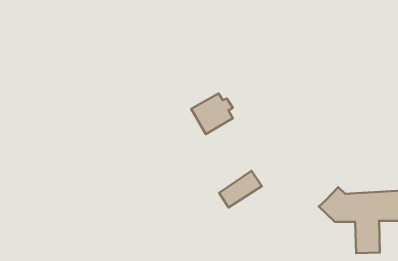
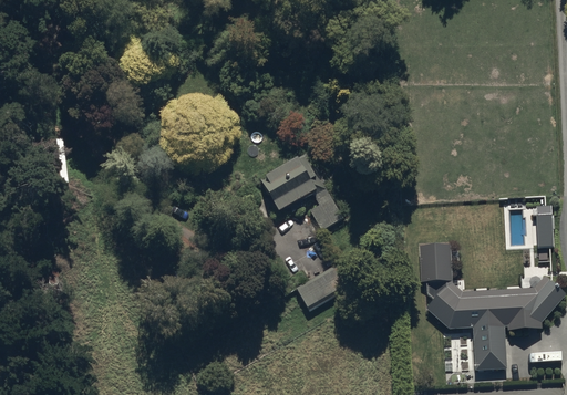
building: none -> [310,190,341,229]
building: none -> [419,245,451,281]

